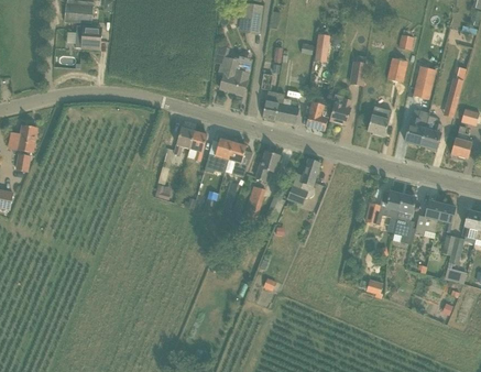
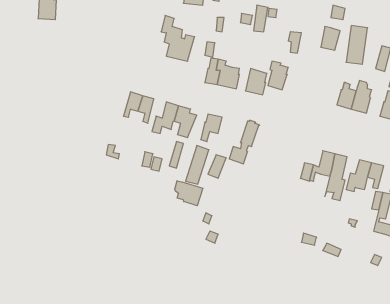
building: [367,98,387,135] -> none
building: none -> [175,181,203,206]

